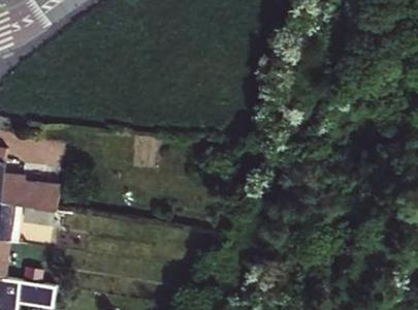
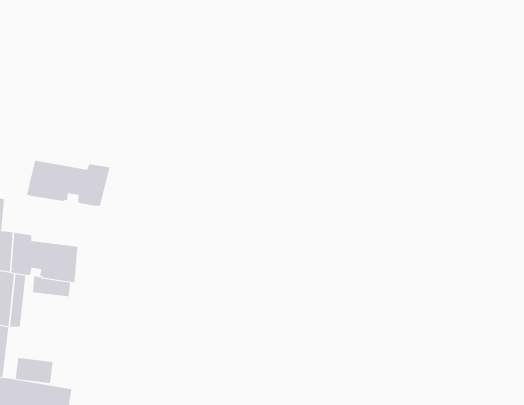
building: none -> [27,160,110,206]

